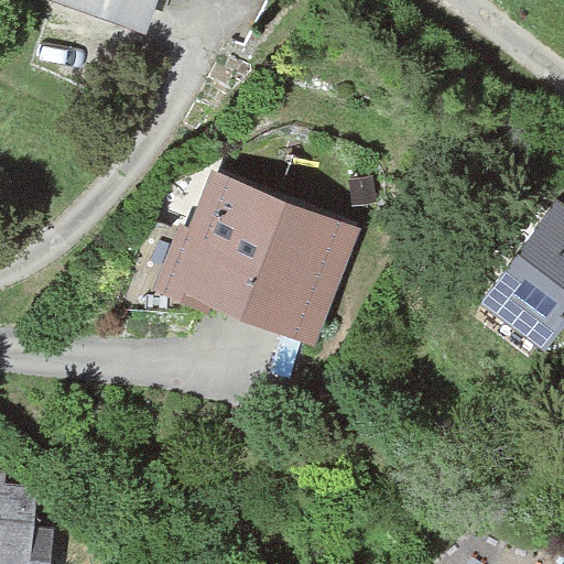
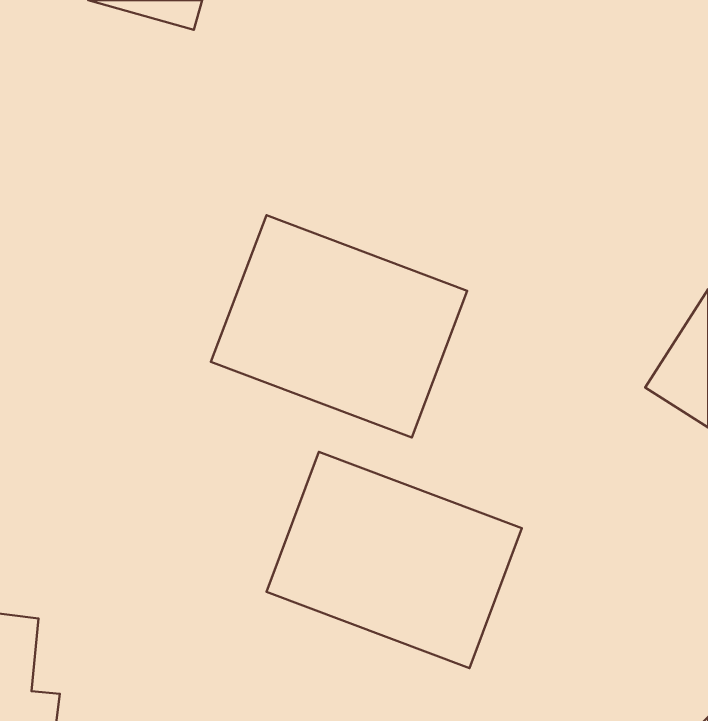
building: none -> [267,452,522,668]

